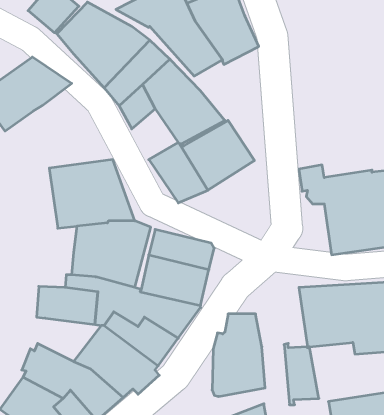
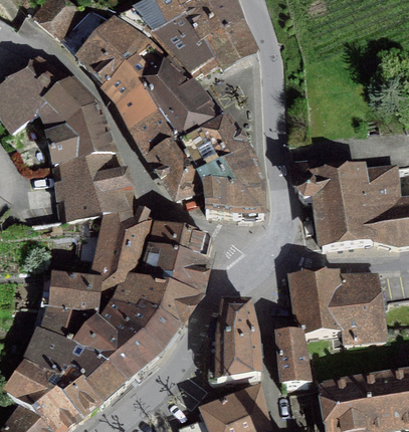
building: none -> [39,83,115,164]
building: none -> [133,107,177,156]
building: none -> [203,157,263,214]
building: none -> [43,306,104,348]

